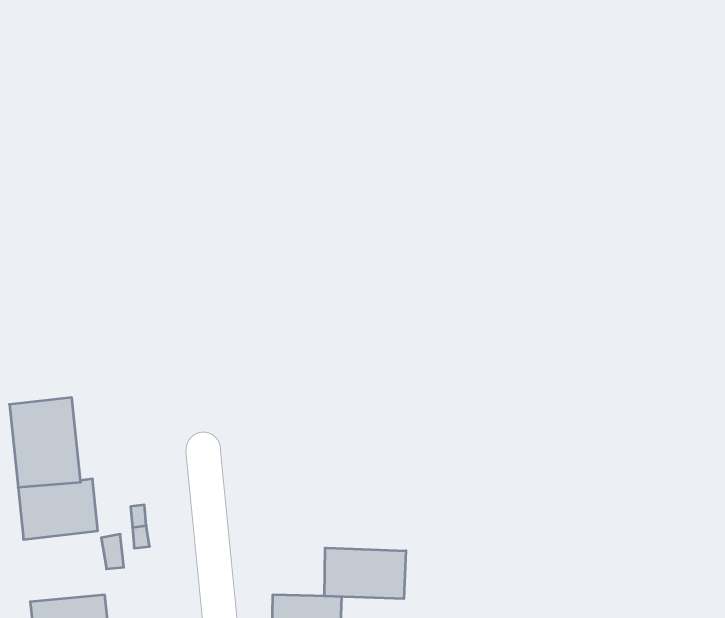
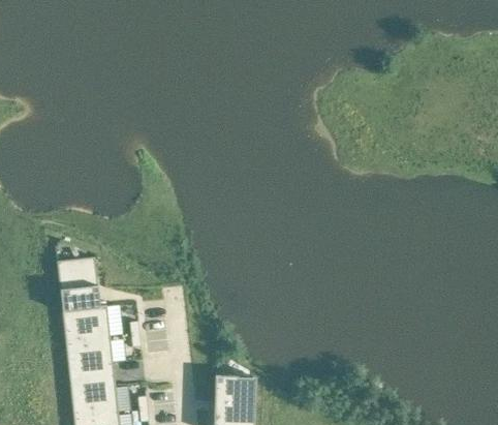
building: none -> [66,337,115,380]
building: [325,548,406,599] -> none

